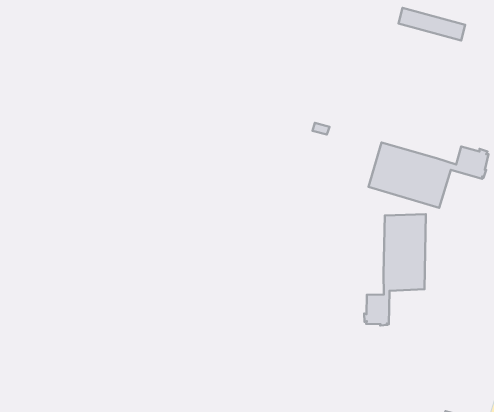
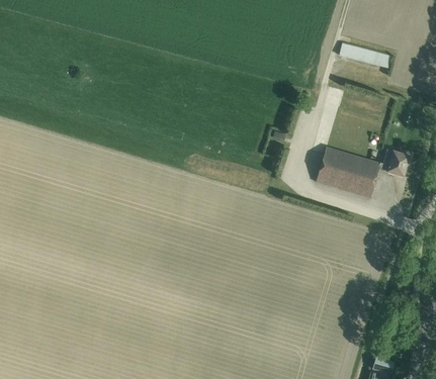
building: [364,214,426,325] -> none

